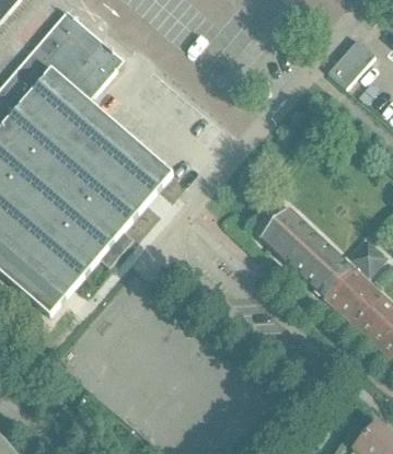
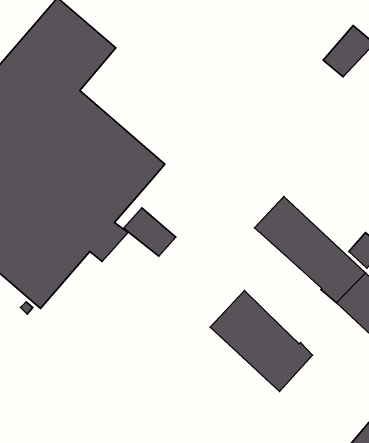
building: none -> [124,208,176,256]
building: none -> [210,291,312,391]

